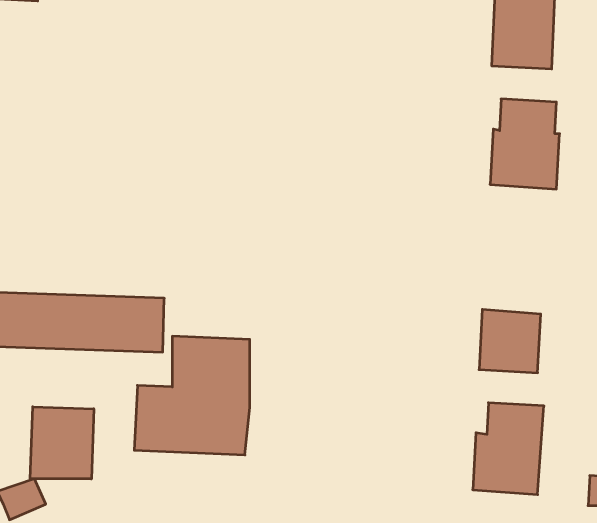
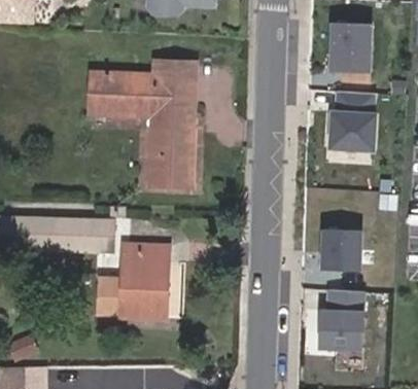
building: none -> [89,59,199,190]
building: [30,407,94,479] -> none

